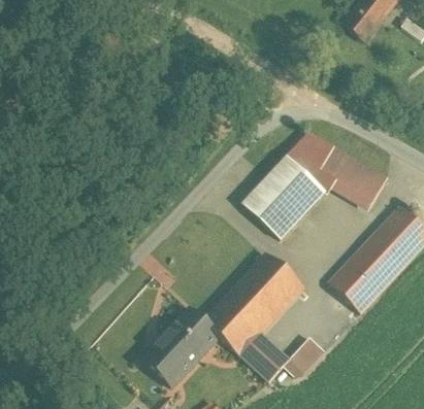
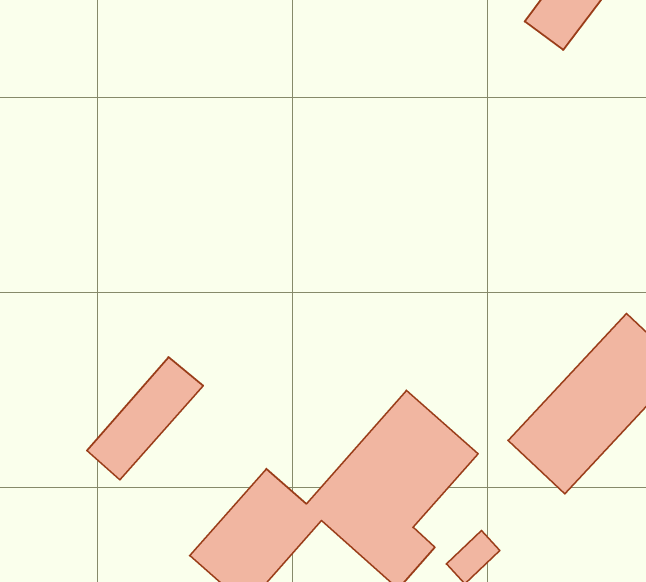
building: [247,140,386,236] -> none
building: none -> [87,357,203,480]

